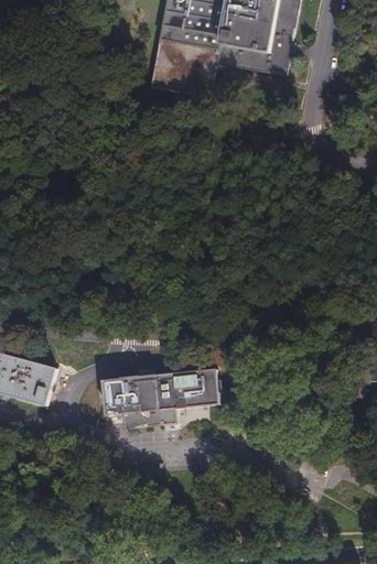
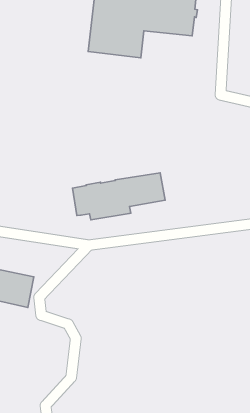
building: [101,369,219,424] -> [73,173,165,220]

